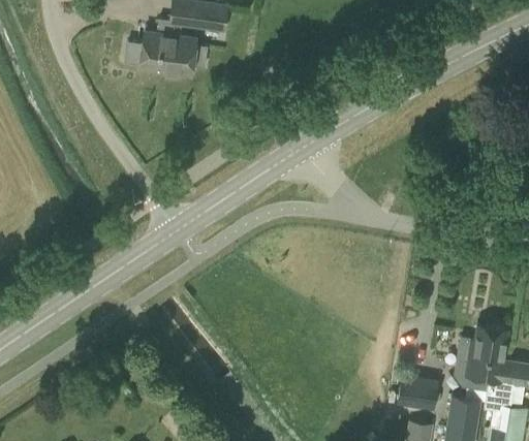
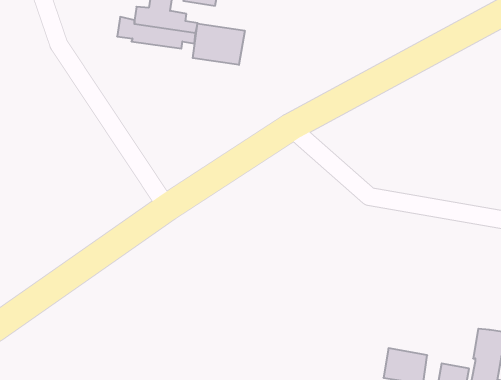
building: none -> [193,23,245,65]
building: [455,327,507,392] -> none

